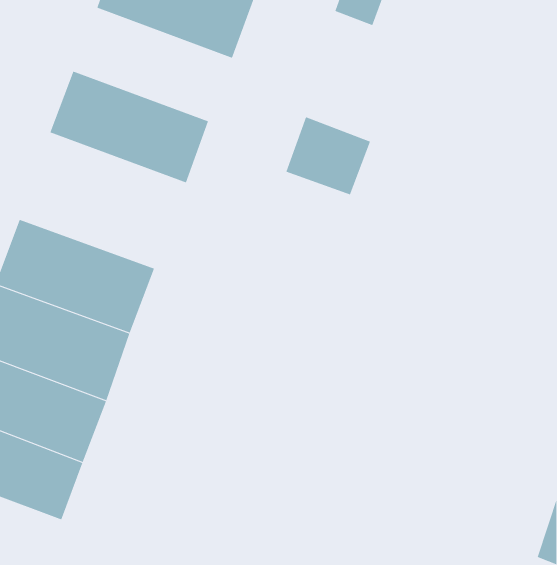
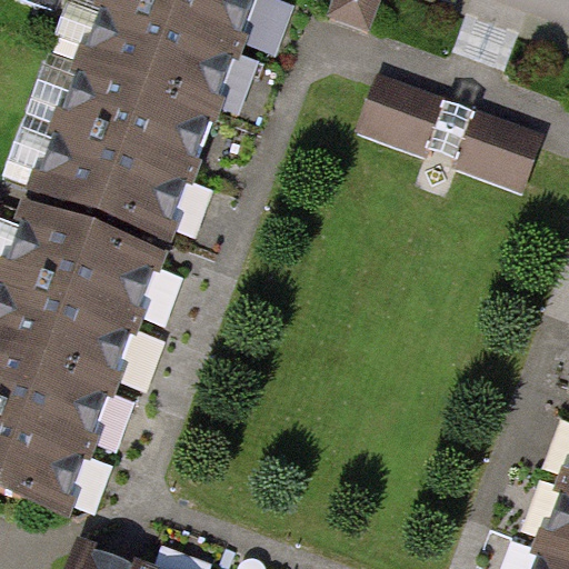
building: none -> [72,8,230,120]
building: none -> [459,112,542,189]
building: [285,117,371,195] -> [360,76,445,153]
building: none -> [27,131,184,243]

